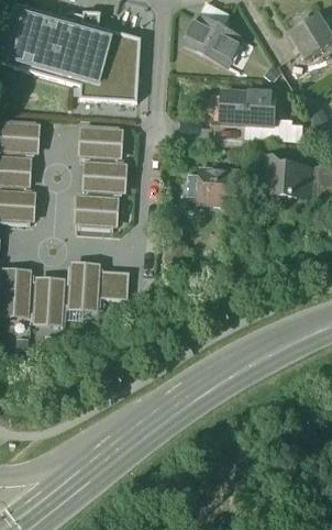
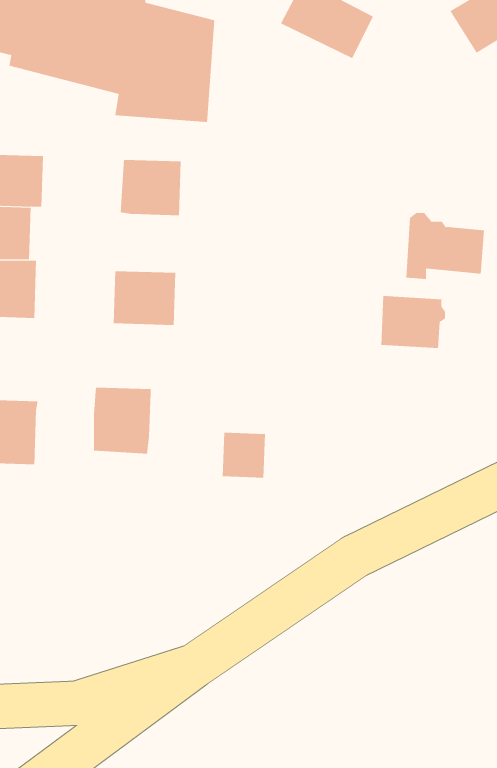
building: [223,90,275,125] -> none
building: [88,159,124,197] -> none
building: [198,170,239,203] -> [381,296,446,349]
building: [101,270,129,299] -> [222,432,266,478]
building: [30,281,66,322] -> none

